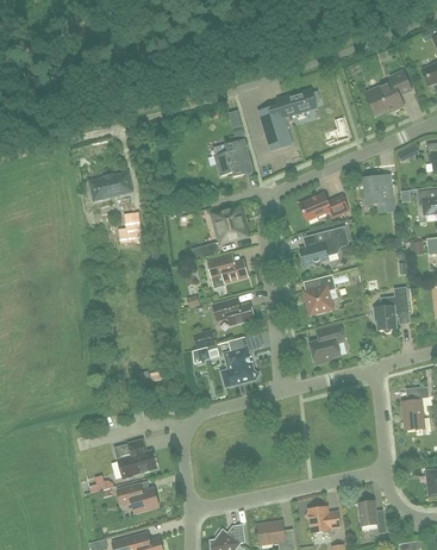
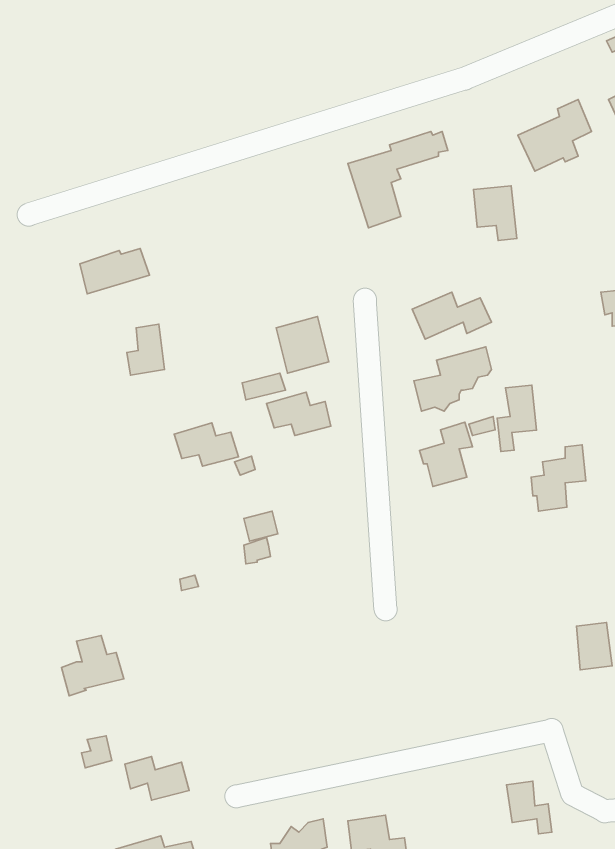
building: [207,137,251,175] -> none
building: [364,175,392,210] -> [474,186,517,241]
building: none -> [497,385,536,452]
building: [212,296,252,324] -> [174,423,238,466]
building: [310,324,343,363] -> none
building: [220,336,257,386] -> none
building: [117,439,156,477] -> [62,636,124,696]
building: [305,506,338,531] -> none

